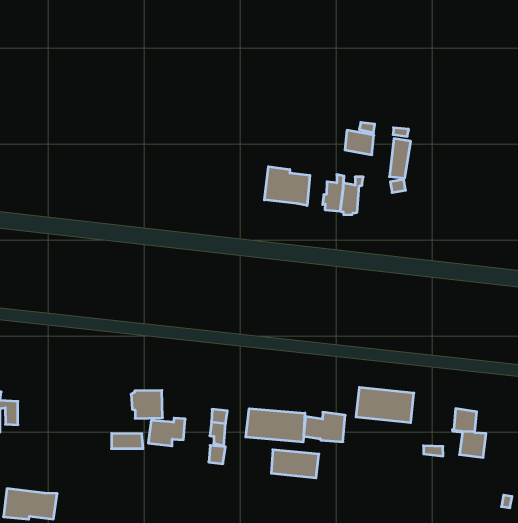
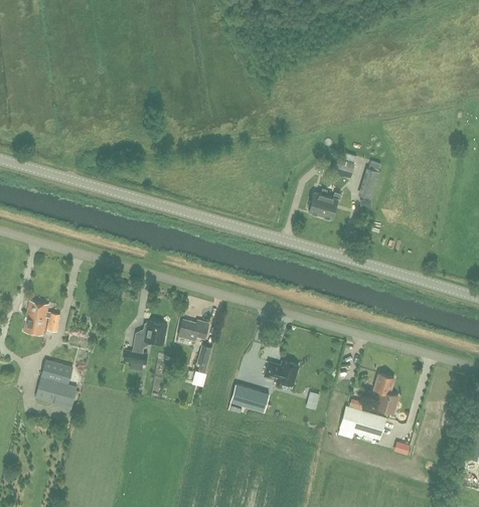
building: [264,167,310,206] -> none
building: [356,387,414,423] -> [340,408,385,441]
building: [246,409,305,442] -> none
building: [148,418,185,446] -> [177,320,207,341]
building: none -> [40,360,72,385]

